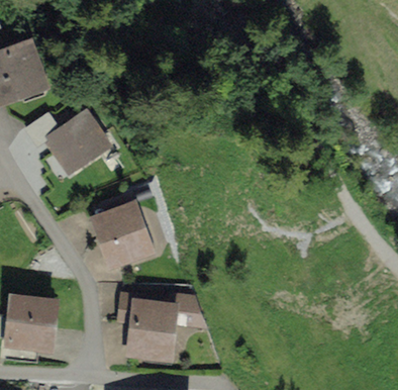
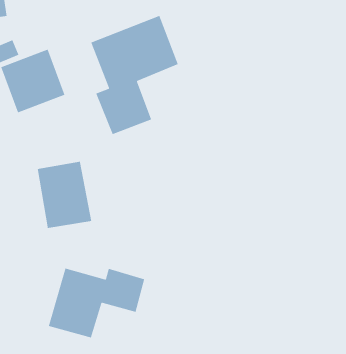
building: none -> [90,15,179,135]

